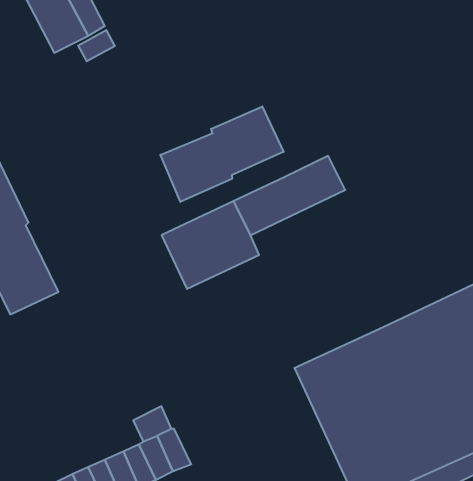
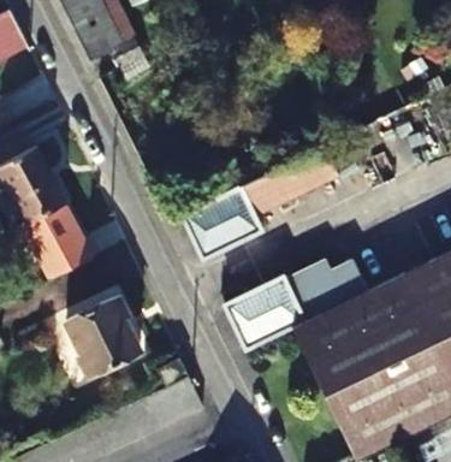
building: [160,106,284,202] -> none
building: none -> [224,259,369,348]
building: none -> [67,298,141,375]

